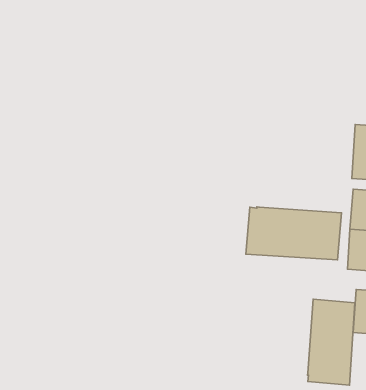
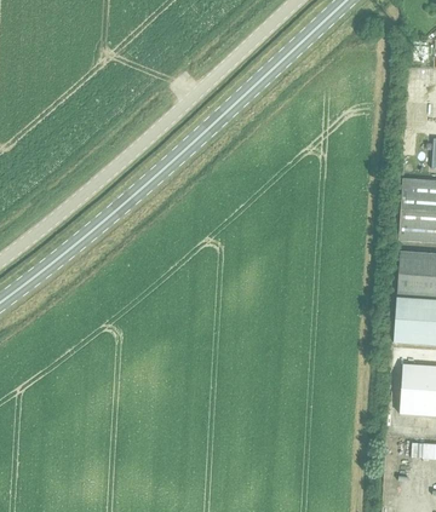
building: [246,207,341,260] -> none
building: [308,299,355,385] -> none

